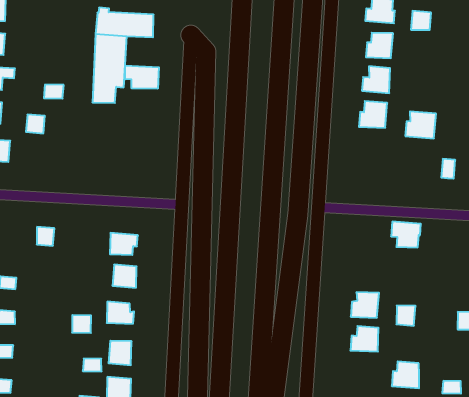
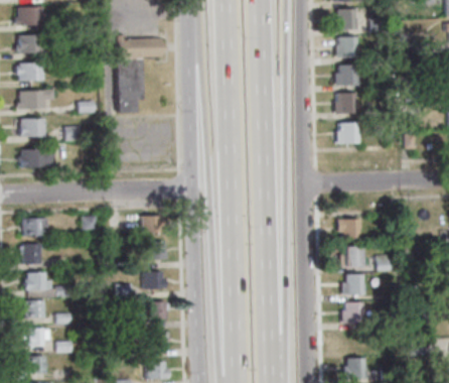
building: [125,66,159,89] -> none
building: [405,111,436,138] -> [335,123,358,143]
building: [391,222,421,247] -> [336,219,359,239]
building: [392,361,419,388] -> [341,302,363,323]

